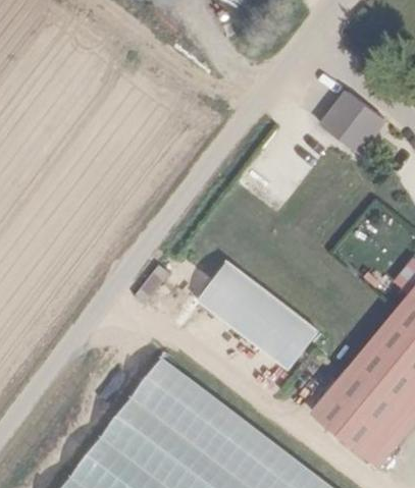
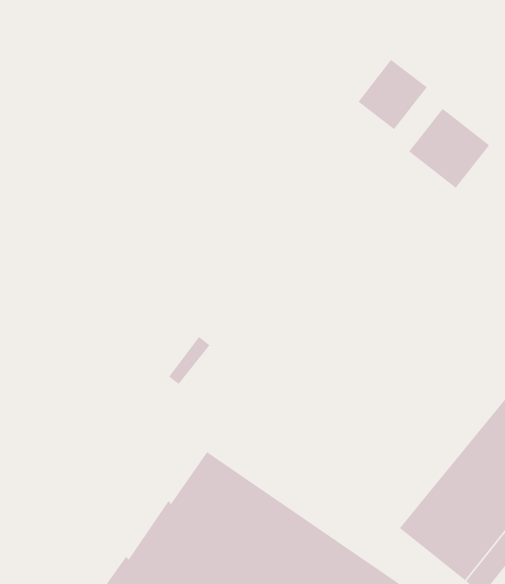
building: none -> [357,59,428,130]
building: [195,264,316,372] -> none

